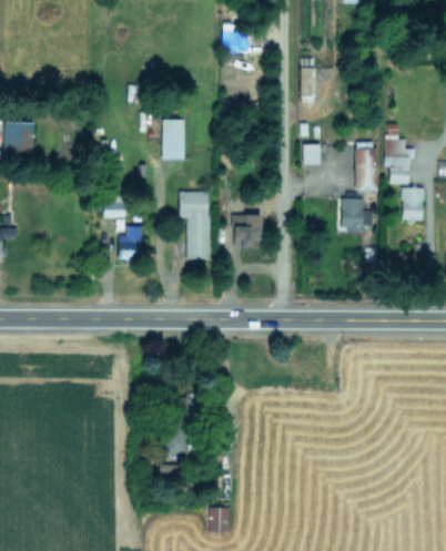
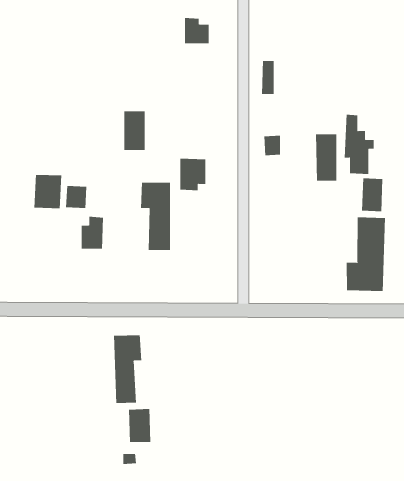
building: none -> [34,174,62,209]
building: [341,198,373,233] -> none
building: [234,215,261,248] -> [180,158,206,191]
building: none -> [346,217,386,292]
building: none -> [114,334,142,404]

